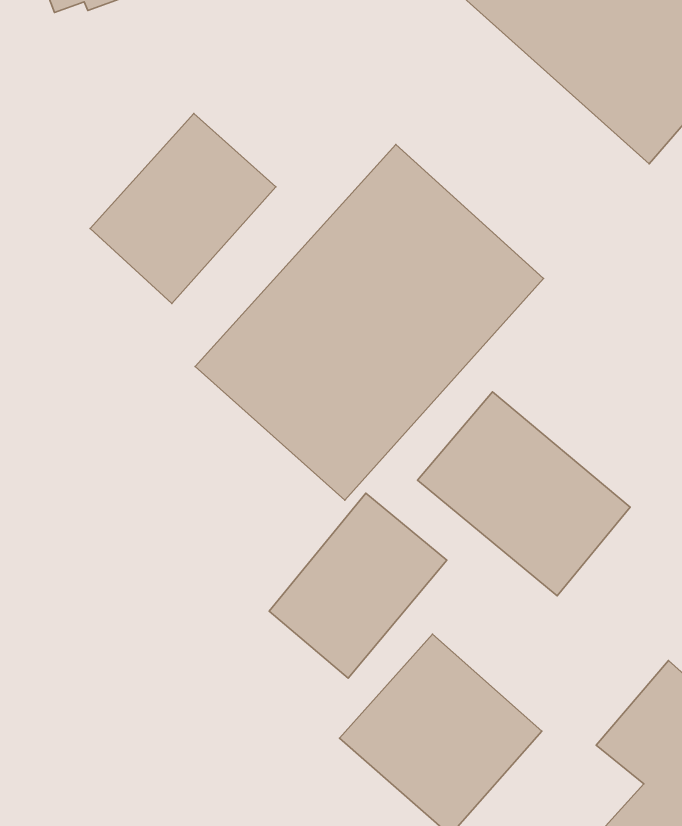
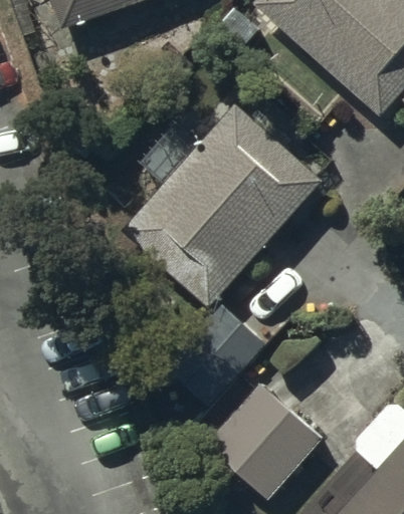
building: [90,113,276,303] -> none
building: [417,392,630,596] -> none

